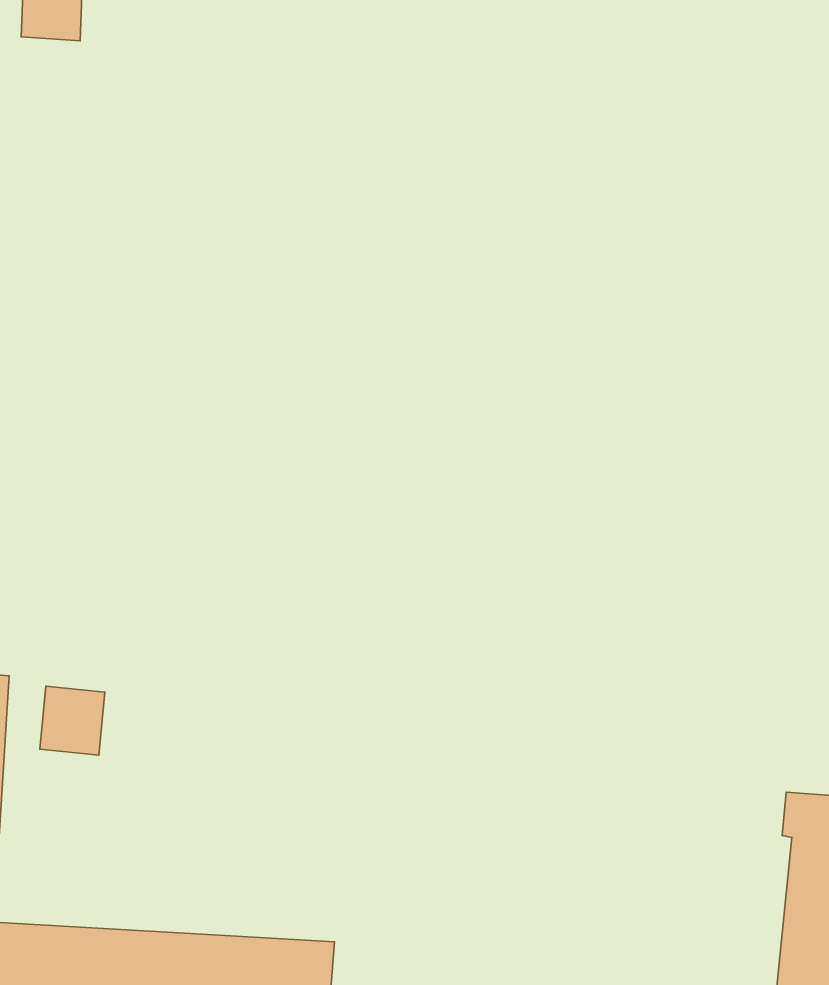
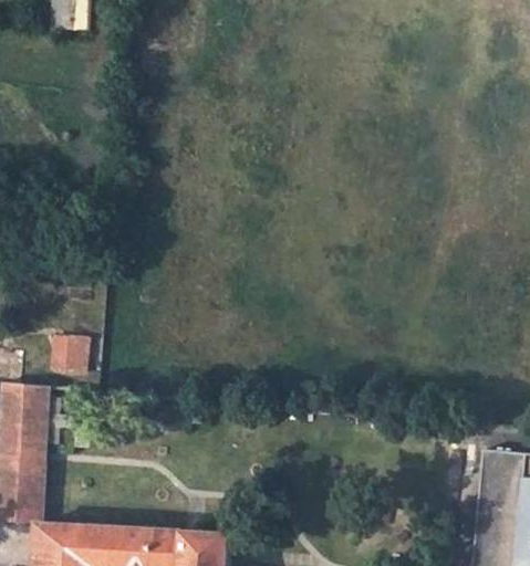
building: [40,686,105,755] -> [52,335,89,374]

